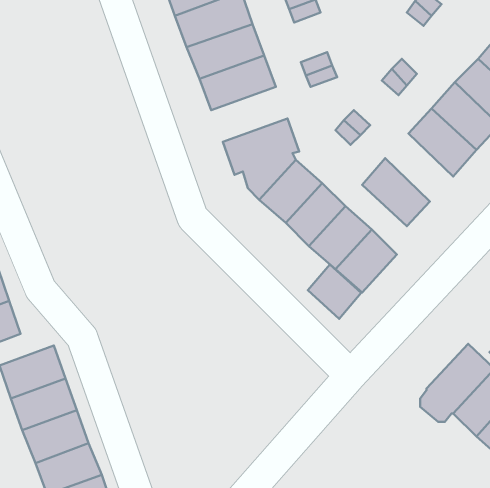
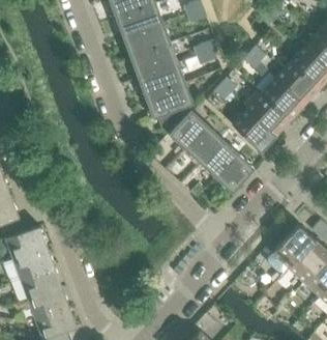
building: none -> [139,64,186,98]
building: none -> [247,93,290,136]
building: [308,264,361,319] -> none

